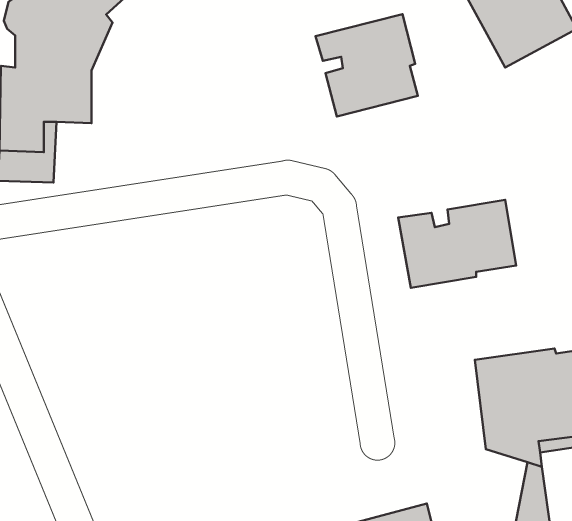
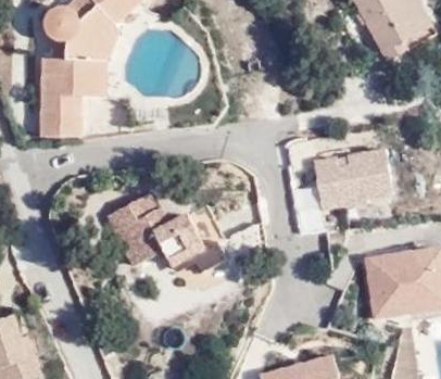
building: [315,14,418,116] -> none
building: none -> [106,193,226,271]

